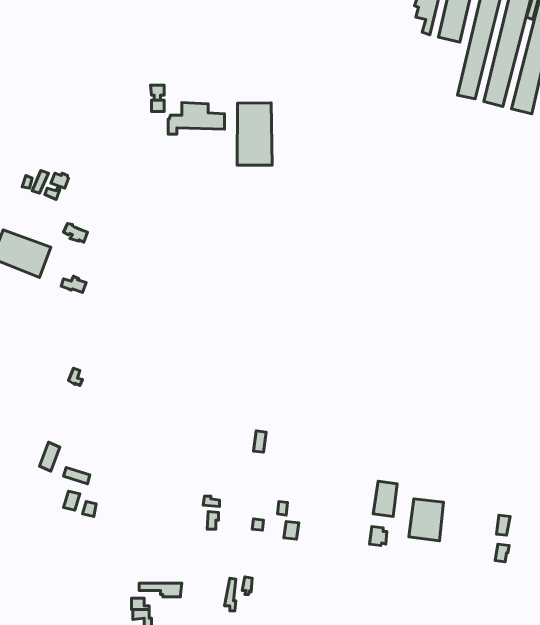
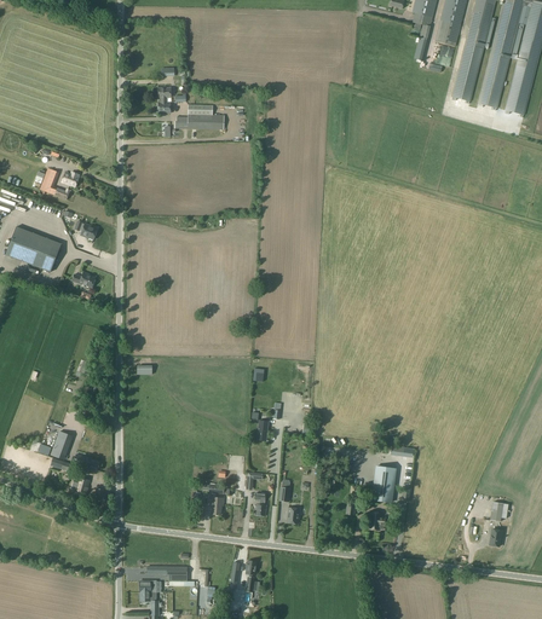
building: [237,103,272,165] -> none
building: [409,499,443,541] -> none

